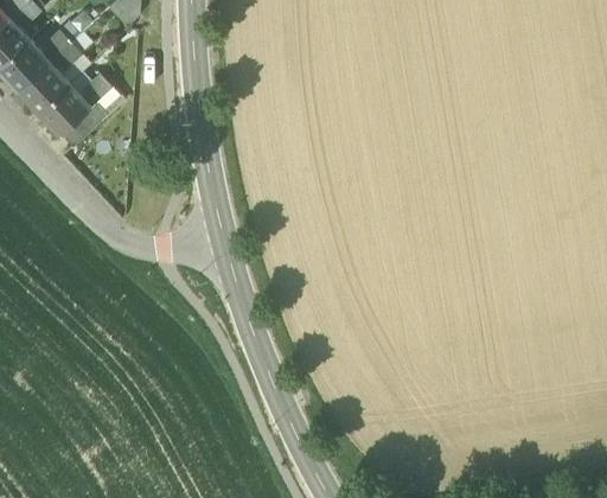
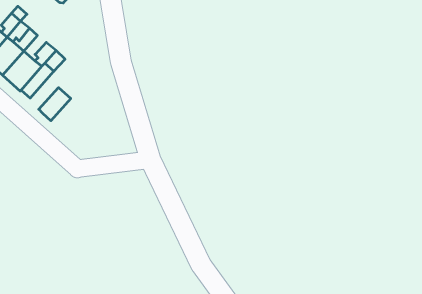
building: none -> [39,88,71,121]

